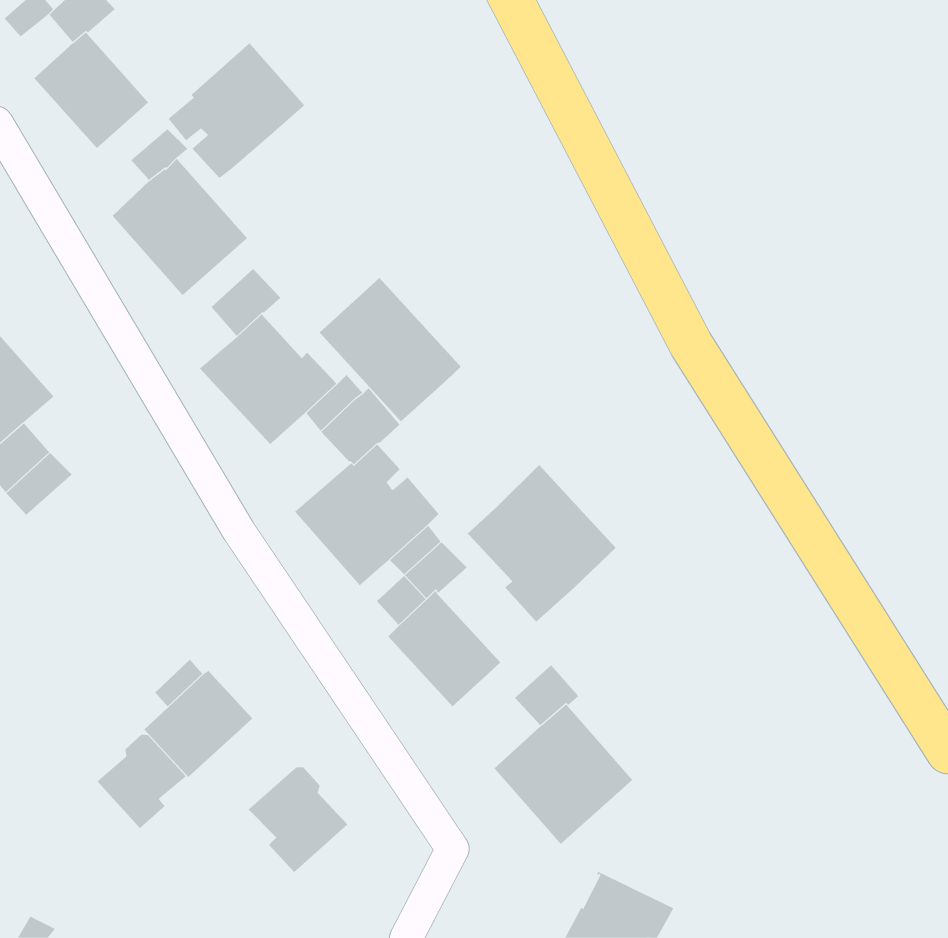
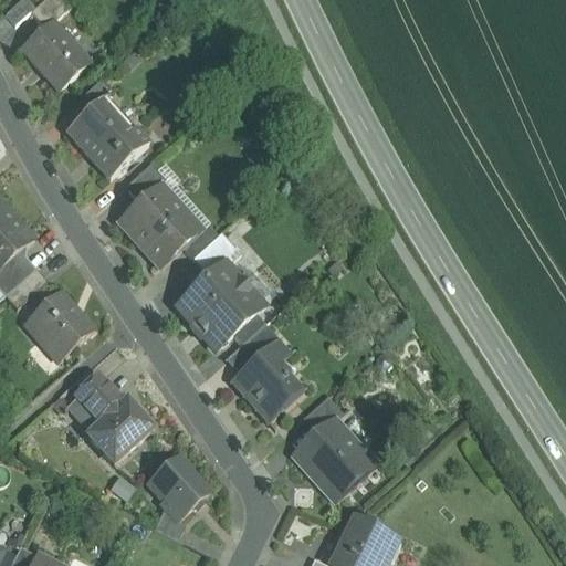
building: [167,43,305,179] -> none
building: [319,277,461,422] -> none
building: [466,464,617,623] -> none
building: none -> [23,292,94,360]
building: none -> [76,375,113,411]
building: [96,734,187,829] -> none

